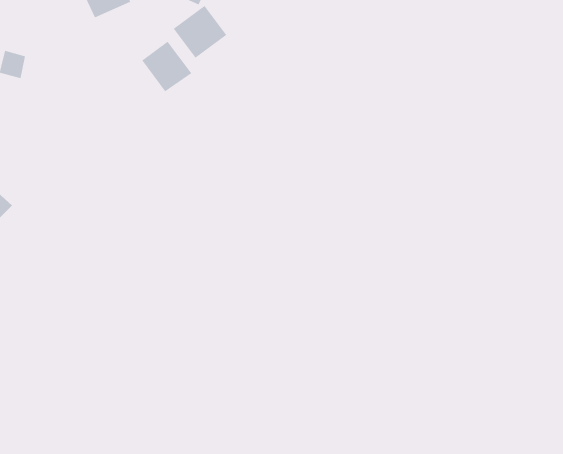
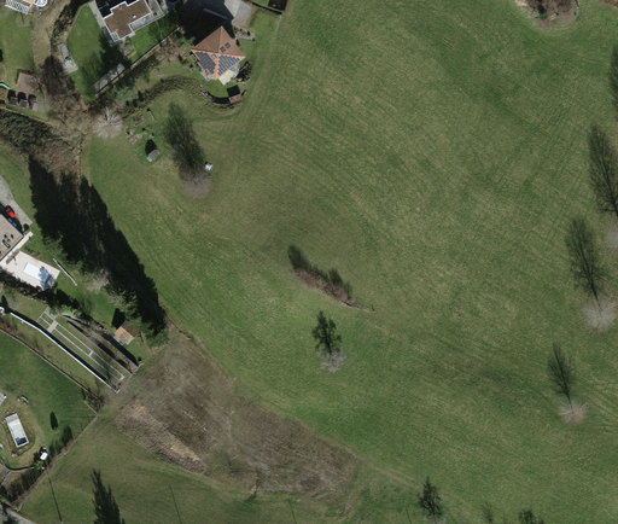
building: [142,41,192,92] -> none

